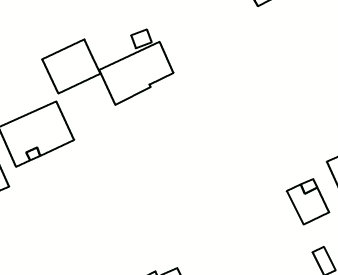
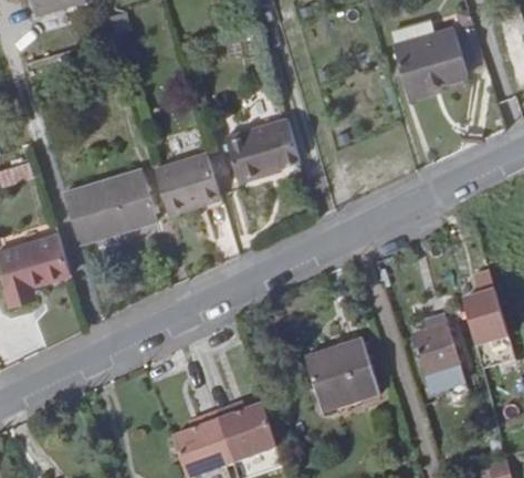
building: [42,39,101,93] -> [153,168,222,230]
building: none -> [305,341,375,404]

